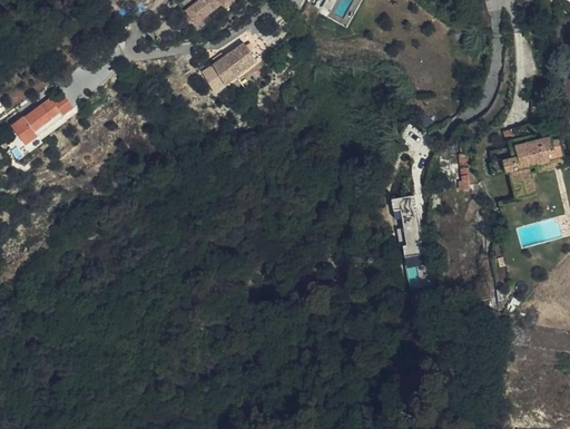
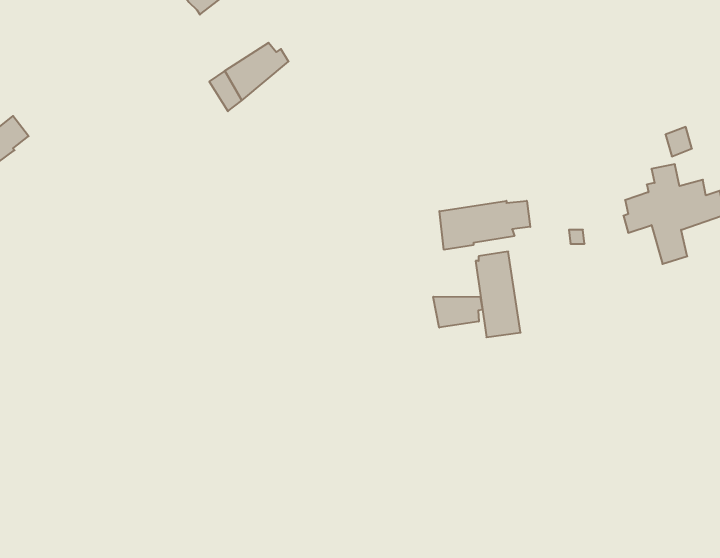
building: none -> [439,201,530,250]
building: none -> [433,296,482,328]

